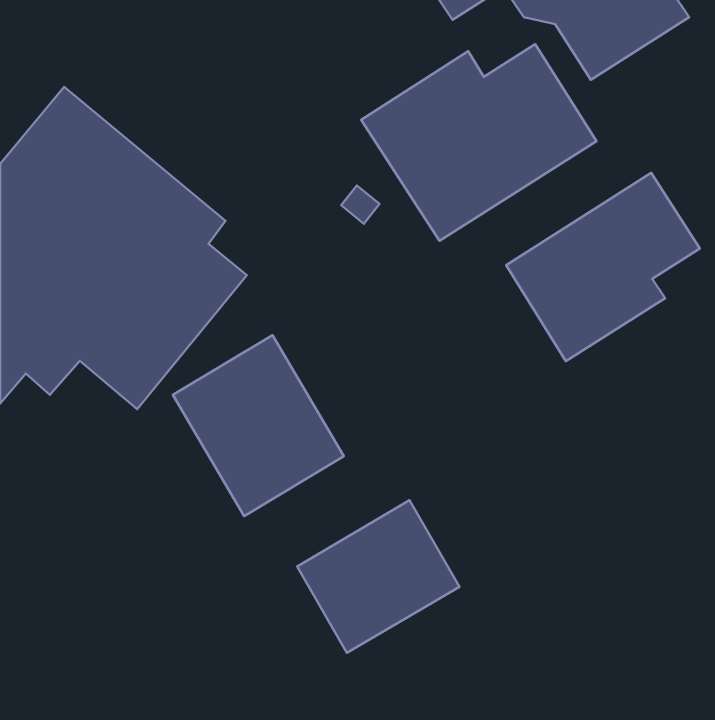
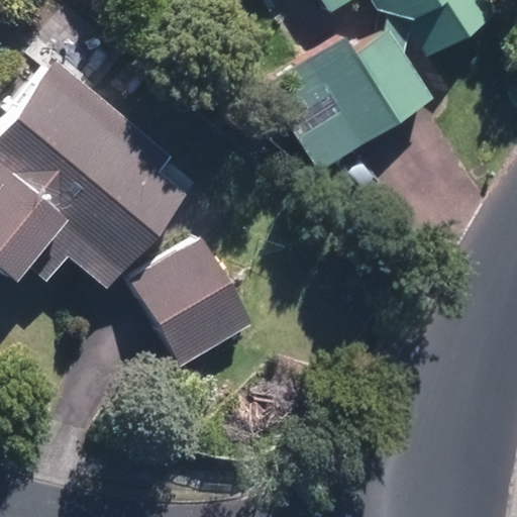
building: [506,173,700,361] -> none
building: [297,500,459,653] -> none

